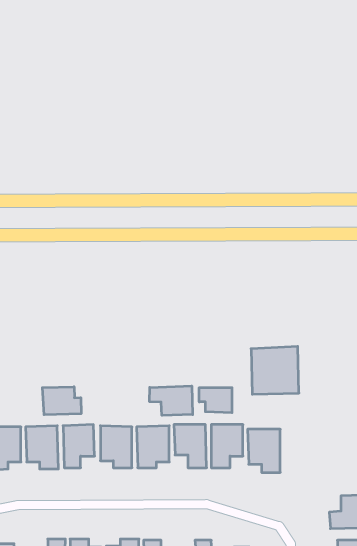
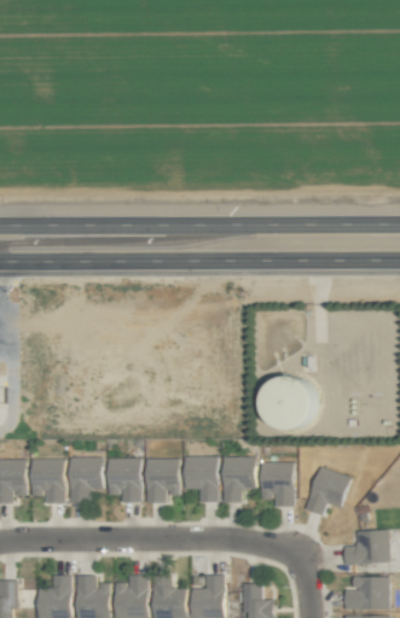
building: [150,386,193,415] -> none
building: [42,387,81,415] -> none
building: [199,388,232,413] -> none
building: none -> [307,468,349,514]

